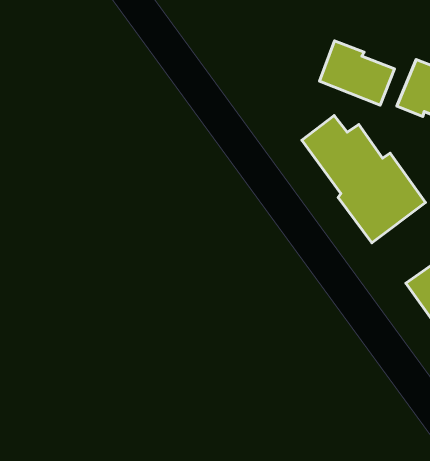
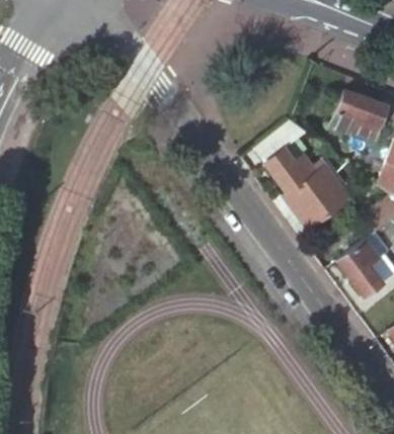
building: [320,41,395,105] -> none

